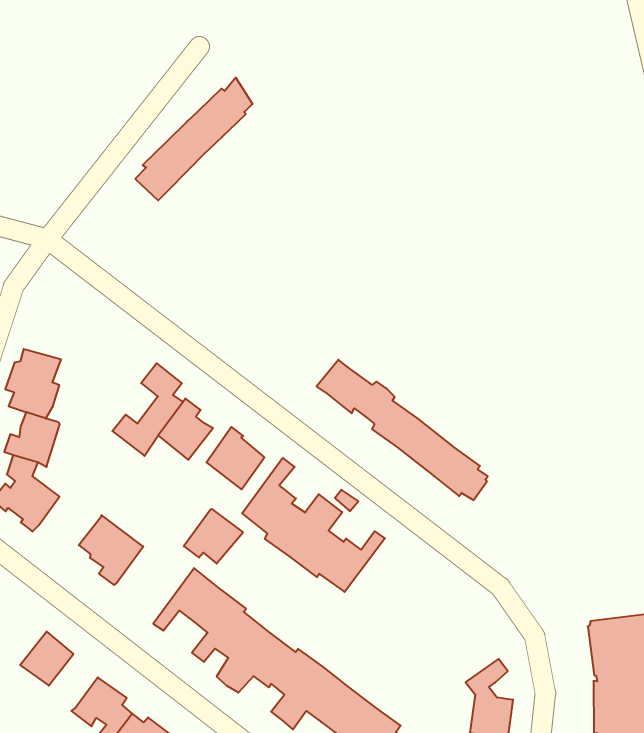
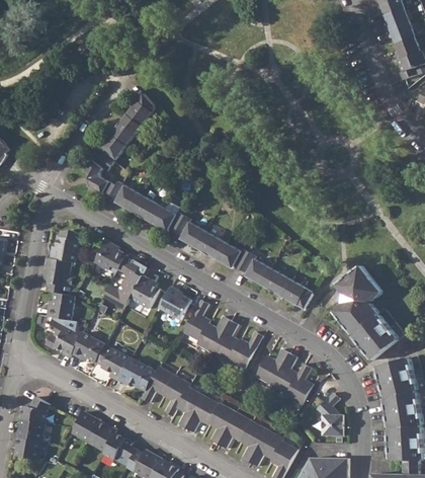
building: none -> [84,156,222,256]
building: none -> [49,227,79,261]
building: none -> [93,239,123,271]
building: none -> [334,264,398,358]
building: none -> [70,331,103,361]
building: [184,509,243,564] -> [116,356,148,386]
building: none -> [253,347,310,403]
building: none -> [87,420,114,450]

